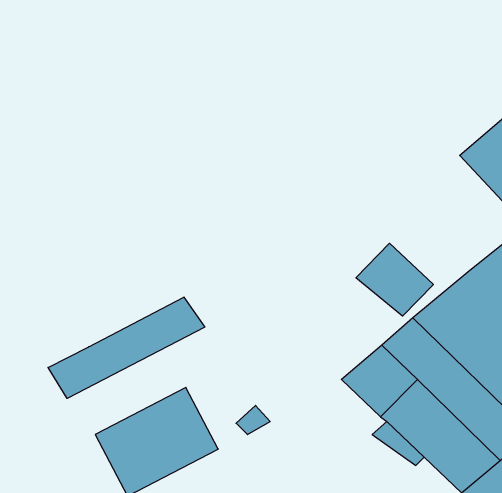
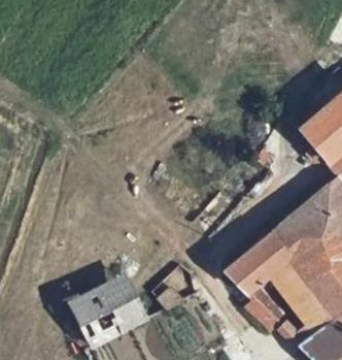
building: [356,243,433,316] -> none
building: [48,297,205,398] -> none

